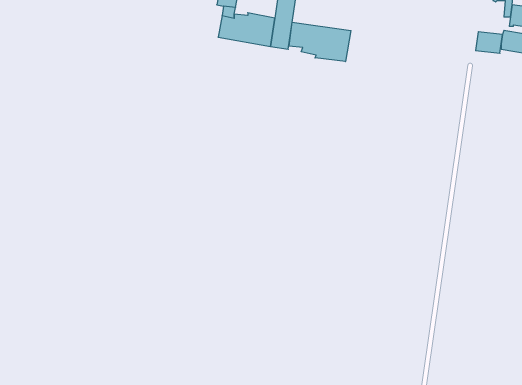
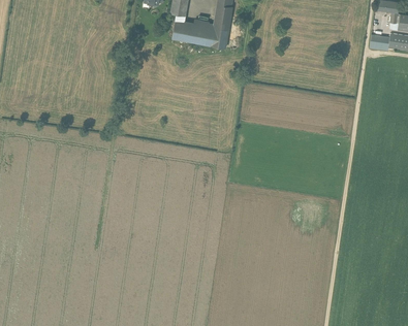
building: [289,22,351,62] -> none

